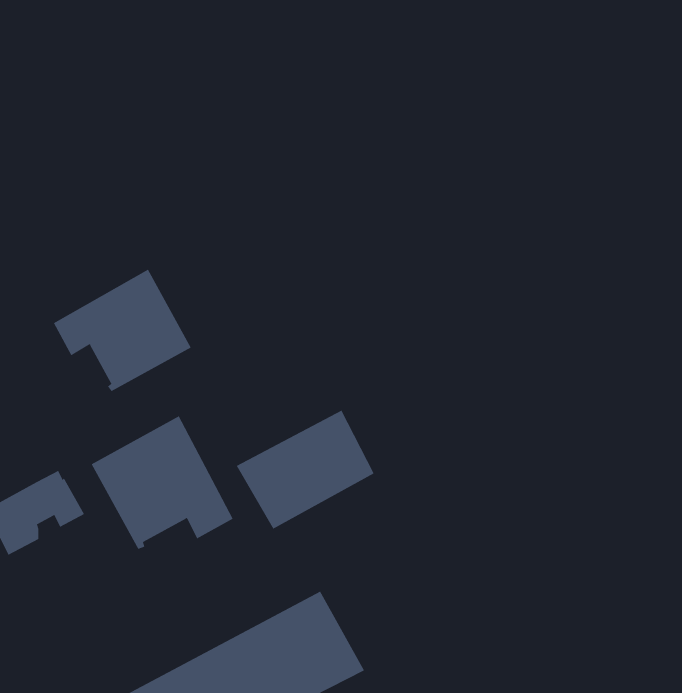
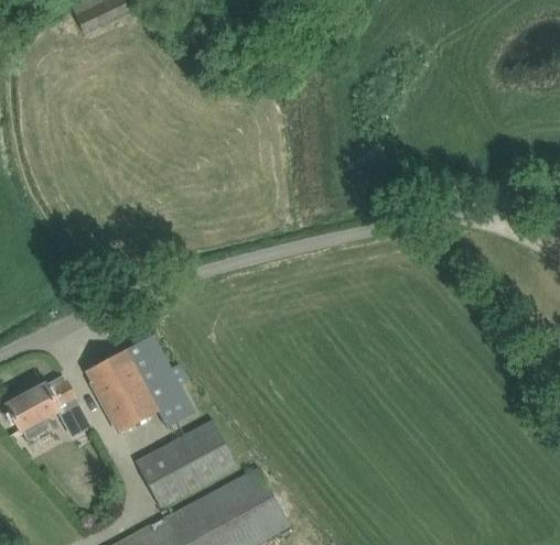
building: [53,269,192,392] -> none
building: [236,410,374,529] -> [132,421,236,510]

